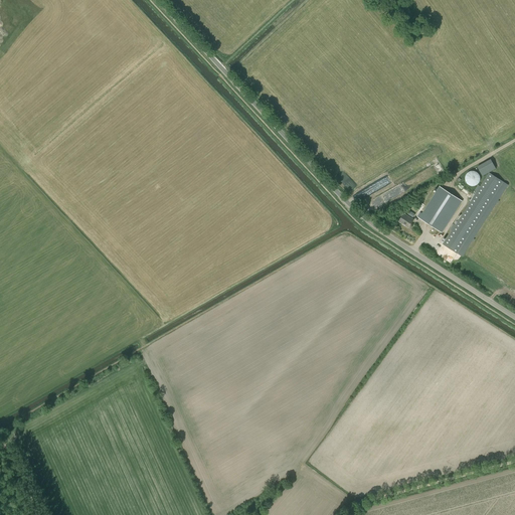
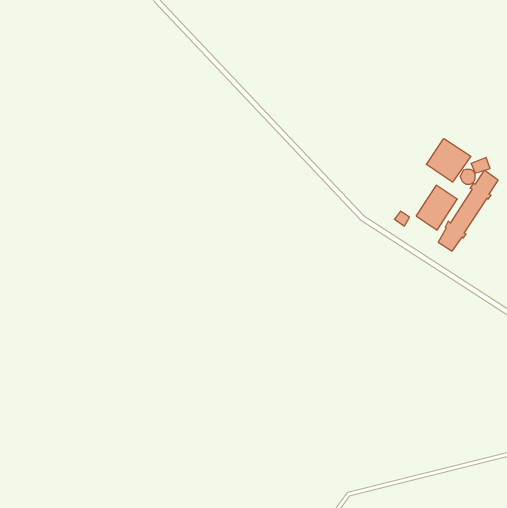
building: none -> [426,139,471,182]

